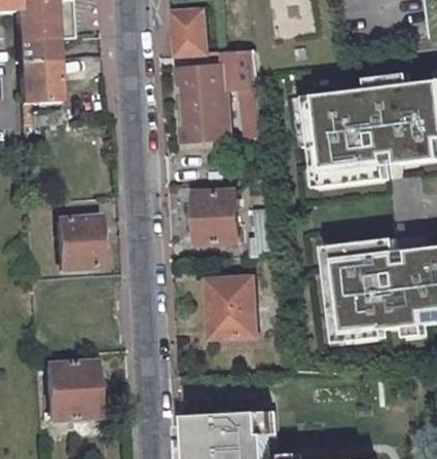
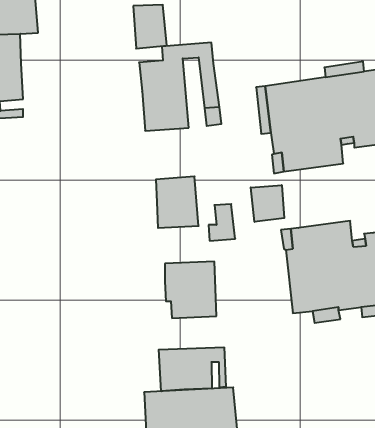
building: none -> [251,185,284,222]
building: [58,220,99,270] -> none
building: [45,365,93,420] -> none
building: none -> [159,347,226,391]

